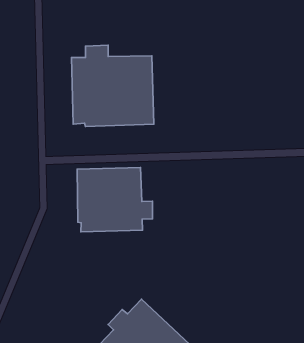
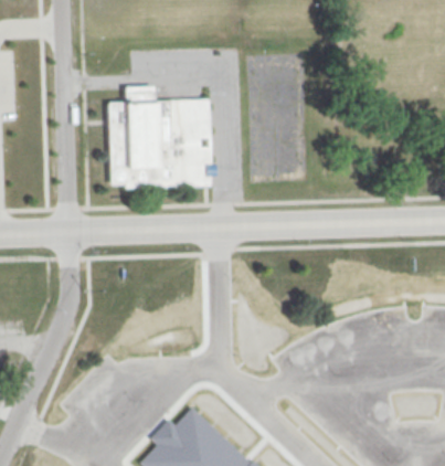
building: [77,168,153,232] -> none

